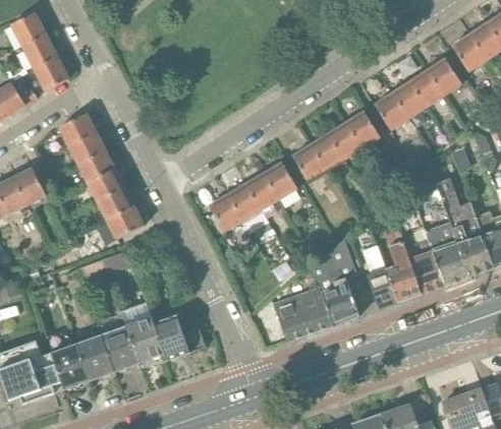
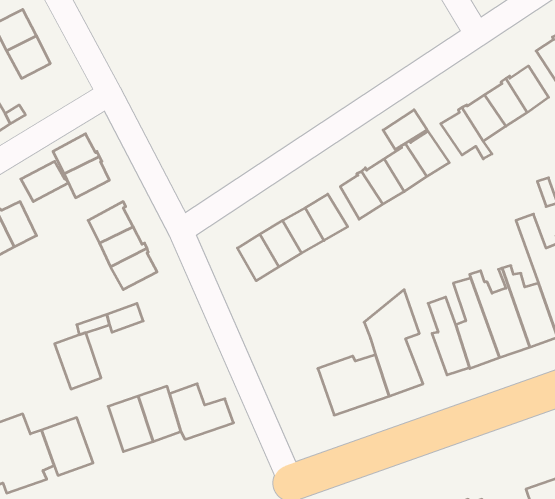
building: [34,56,68,90] -> none
building: none -> [383,110,427,150]
building: [77,150,116,183] -> [21,161,68,202]
building: [78,333,116,379] -> [55,333,101,389]

